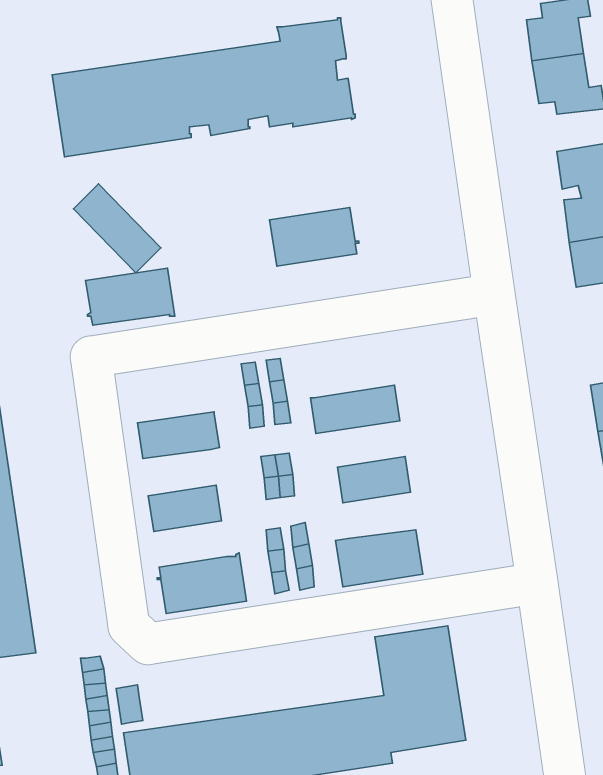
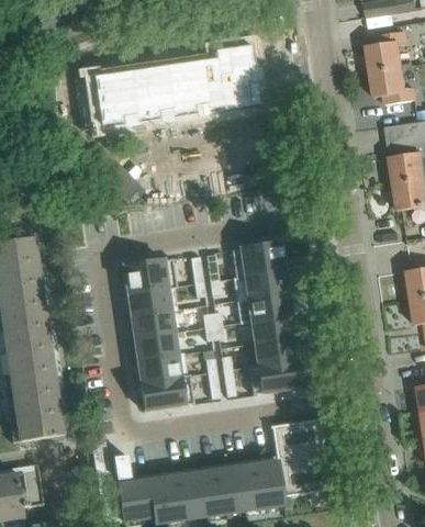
building: [270,207,359,266] -> [231,242,286,278]
building: [86,268,175,325] -> [122,258,177,293]
building: none -> [236,292,291,322]
building: none -> [130,310,175,338]
building: none -> [253,336,298,365]
building: none -> [136,352,187,382]

